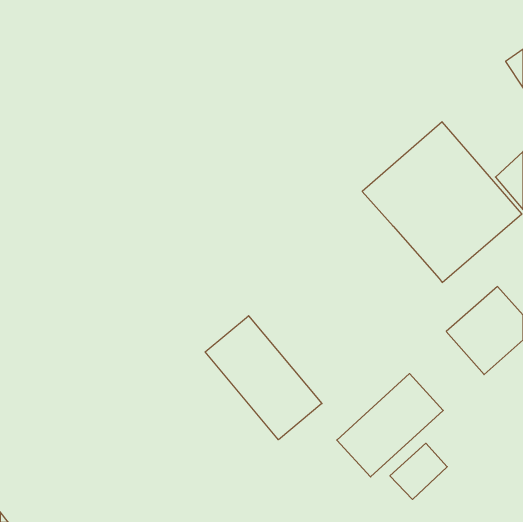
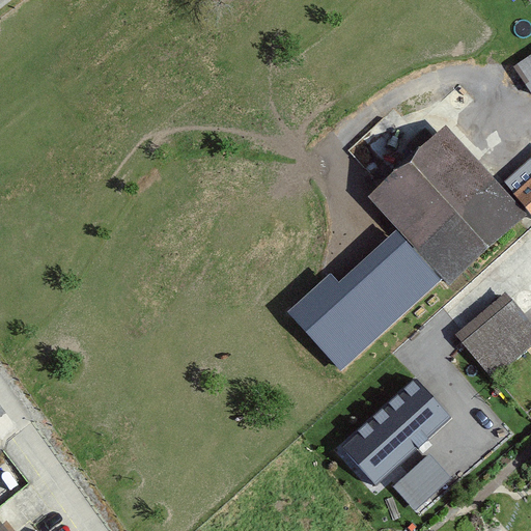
building: none -> [287,229,445,372]
building: [205,316,322,440] -> none

